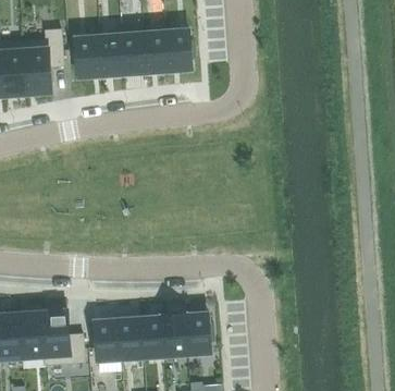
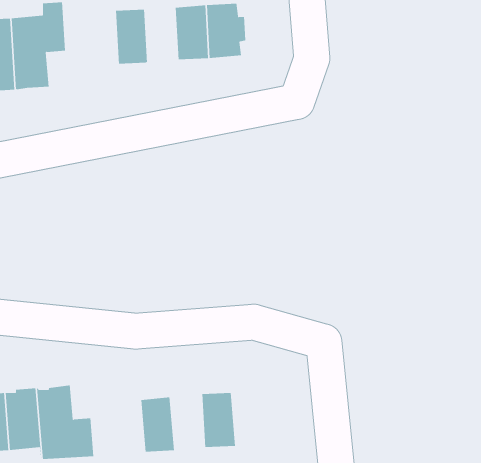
building: [120,35,144,75] -> none
building: [74,37,100,78] -> none
building: [183,315,212,355] -> none
building: [138,317,163,358] -> none
building: [94,321,120,362] -> none

